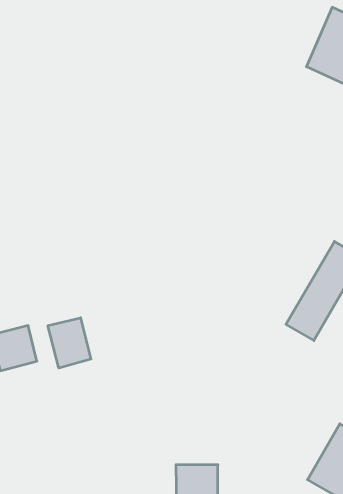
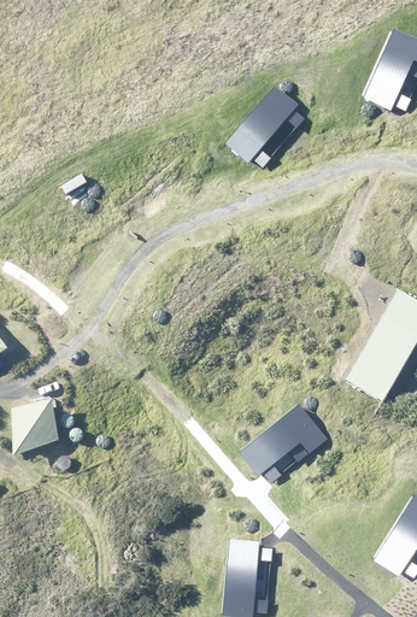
building: none -> [222,90,304,176]
building: [48,318,91,368] -> none
building: none -> [236,406,322,487]

